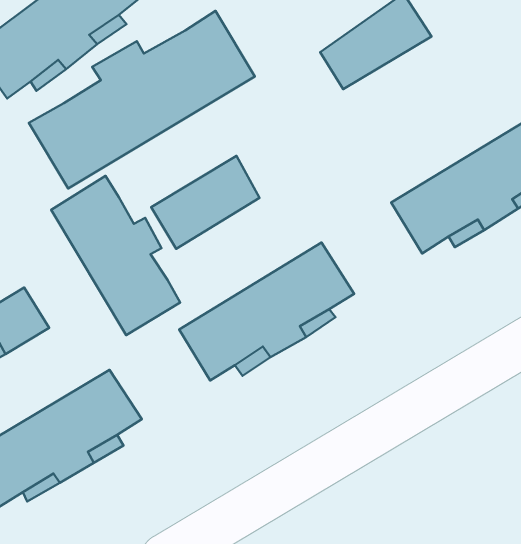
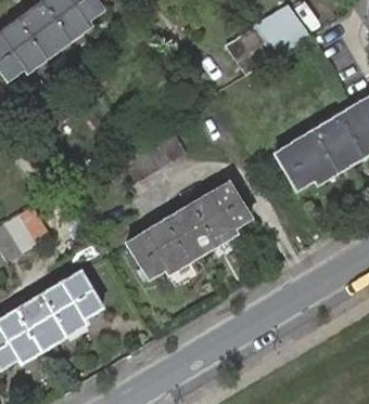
building: [29,11,255,188] -> none
building: [51,176,180,335] -> none

